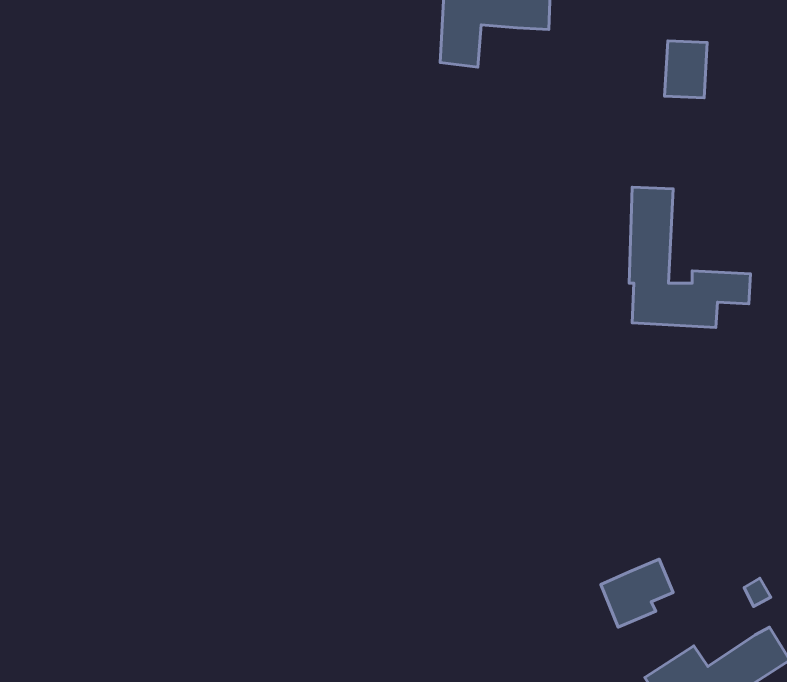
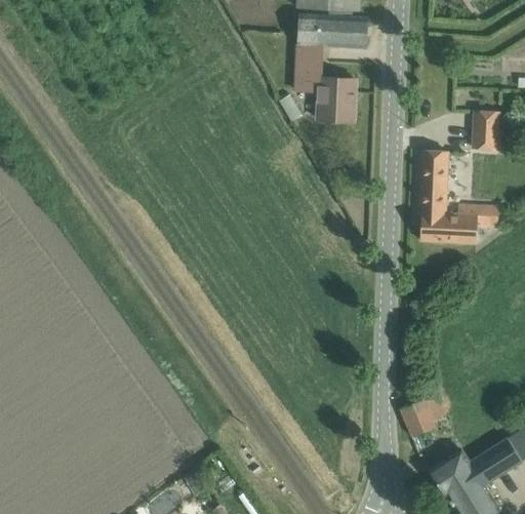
building: [665,41,707,98] -> [472,112,499,149]
building: none -> [294,70,356,121]

